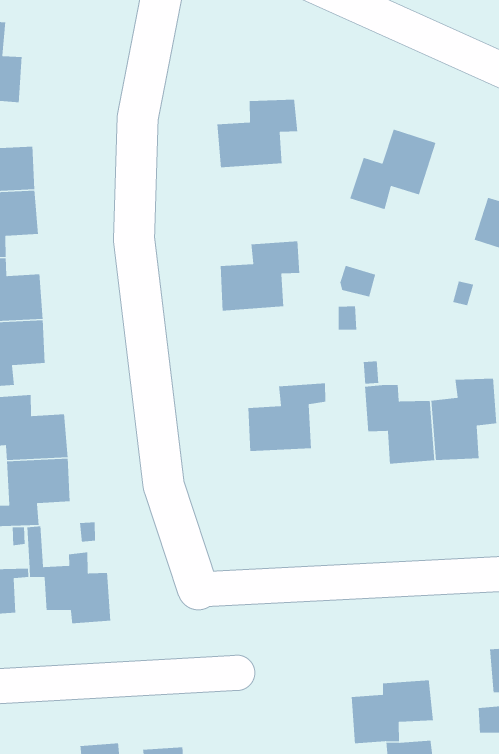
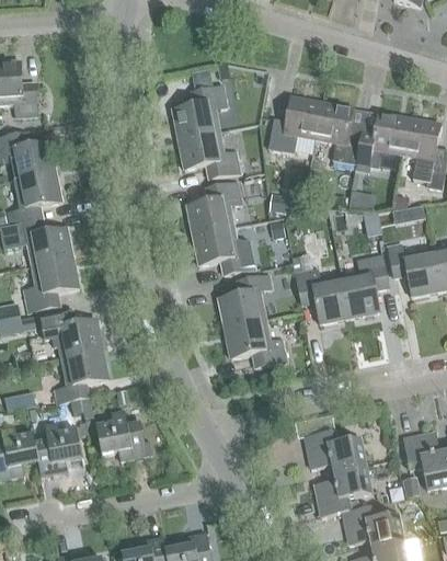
building: none -> [314,102,360,164]
building: none -> [177,130,240,179]
building: none -> [192,227,254,274]
building: none -> [224,320,286,367]
building: none -> [305,430,366,471]

